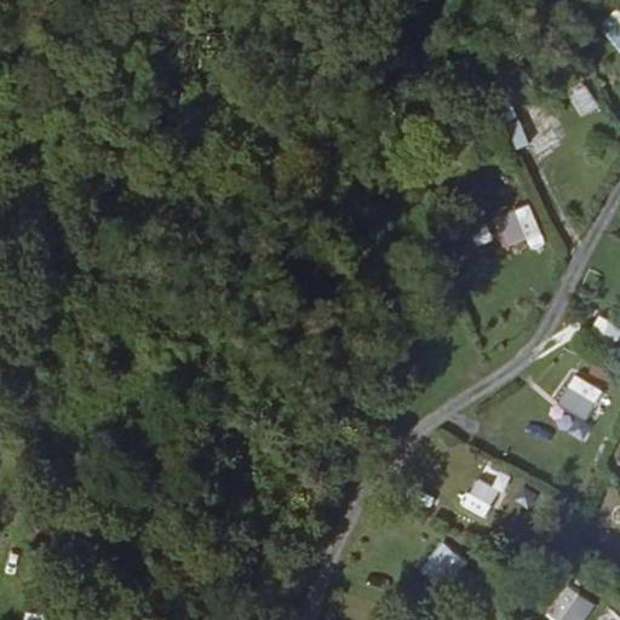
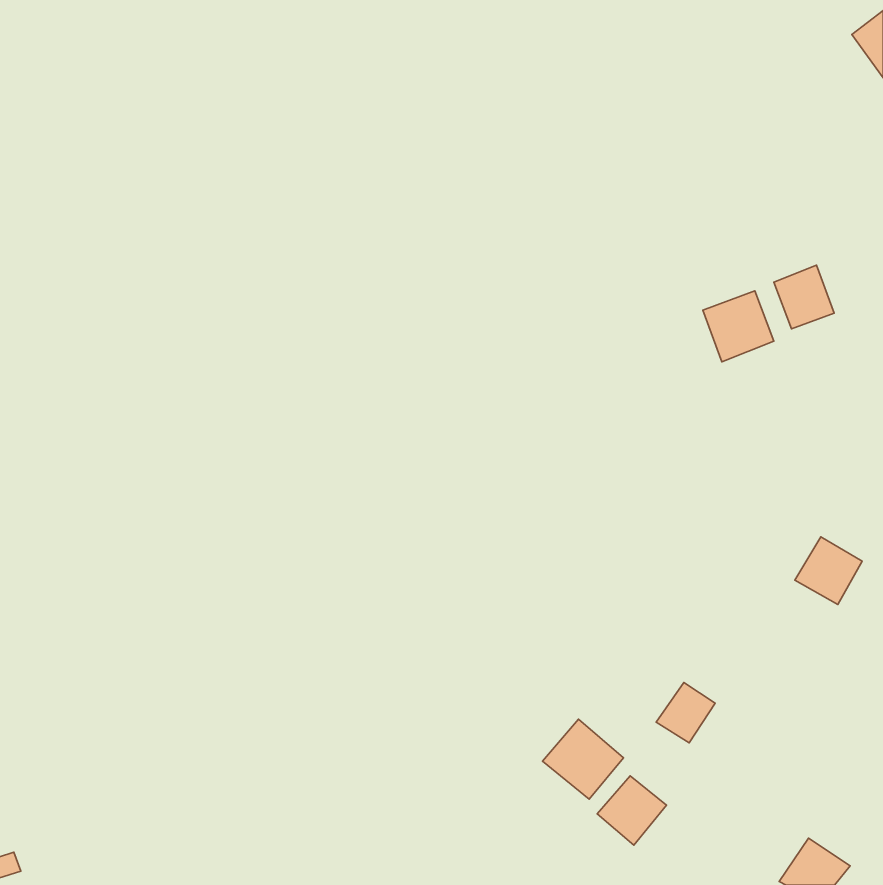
building: none -> [774,265,834,329]
building: none -> [543,719,623,799]

